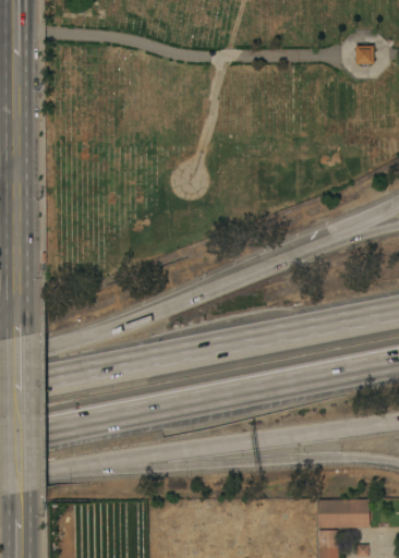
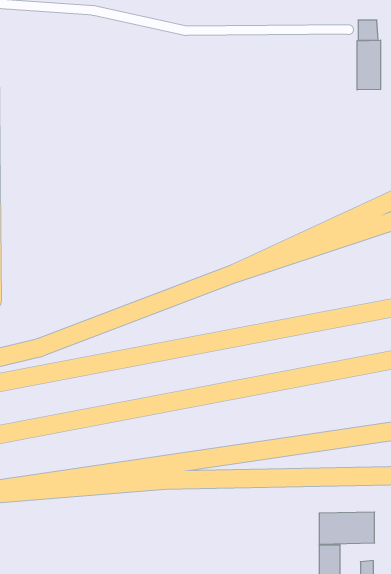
building: none -> [357,40,381,90]

